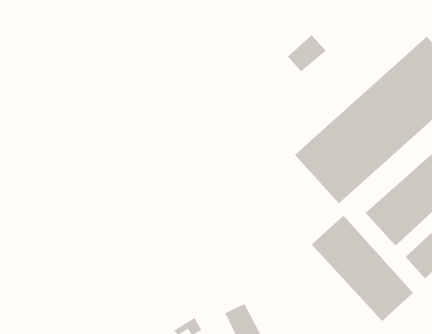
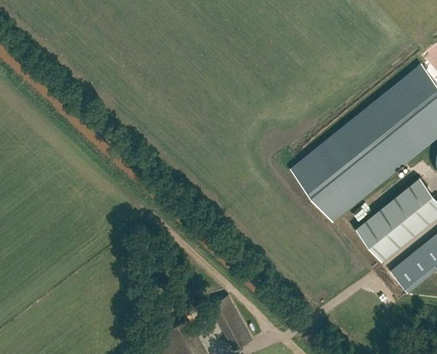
building: [287,34,327,72] -> none
building: [311,215,414,322] -> none

